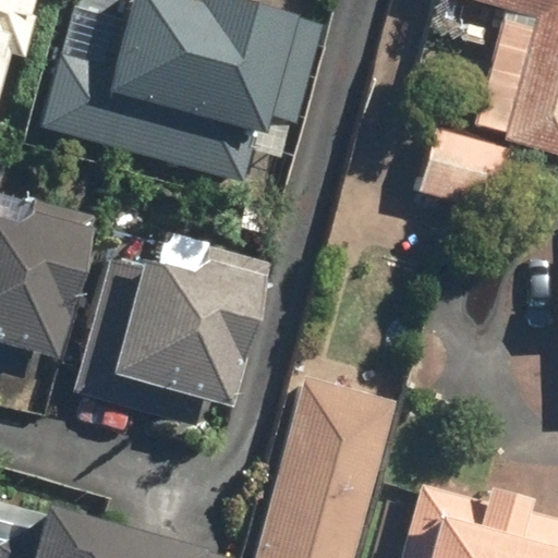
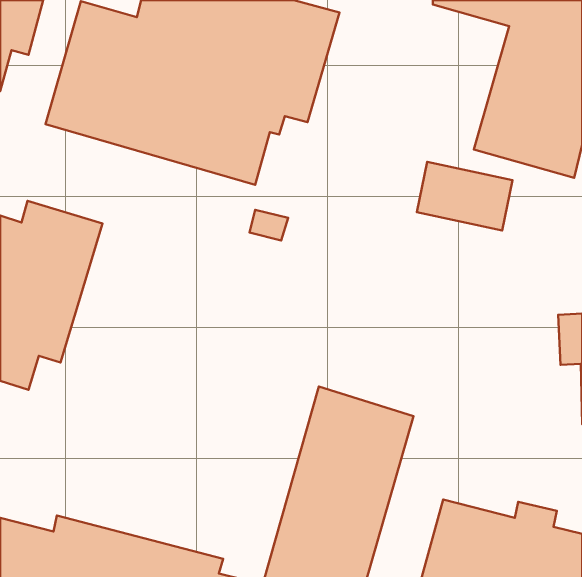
building: [75,244,270,427] -> none

